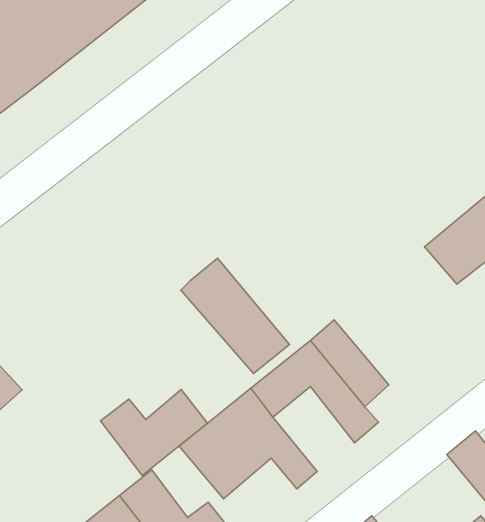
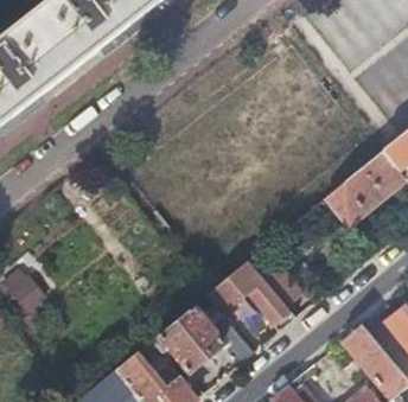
building: [181,258,290,373] -> none
building: [101,390,208,476] -> none

